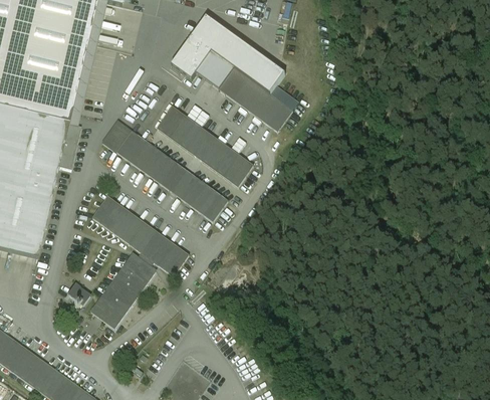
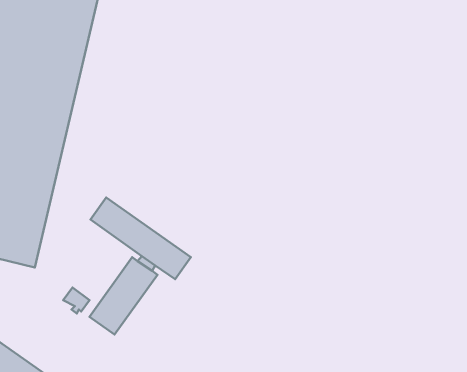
building: [171,12,298,131] -> none
building: [157,107,252,186] -> none
building: [101,121,227,221] -> none

